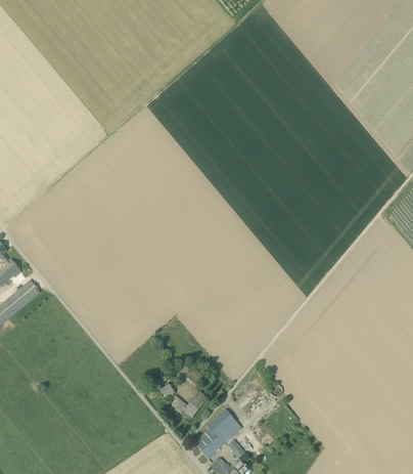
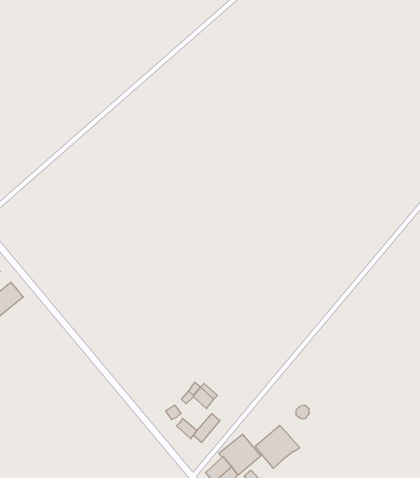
building: none -> [255,425,300,468]

